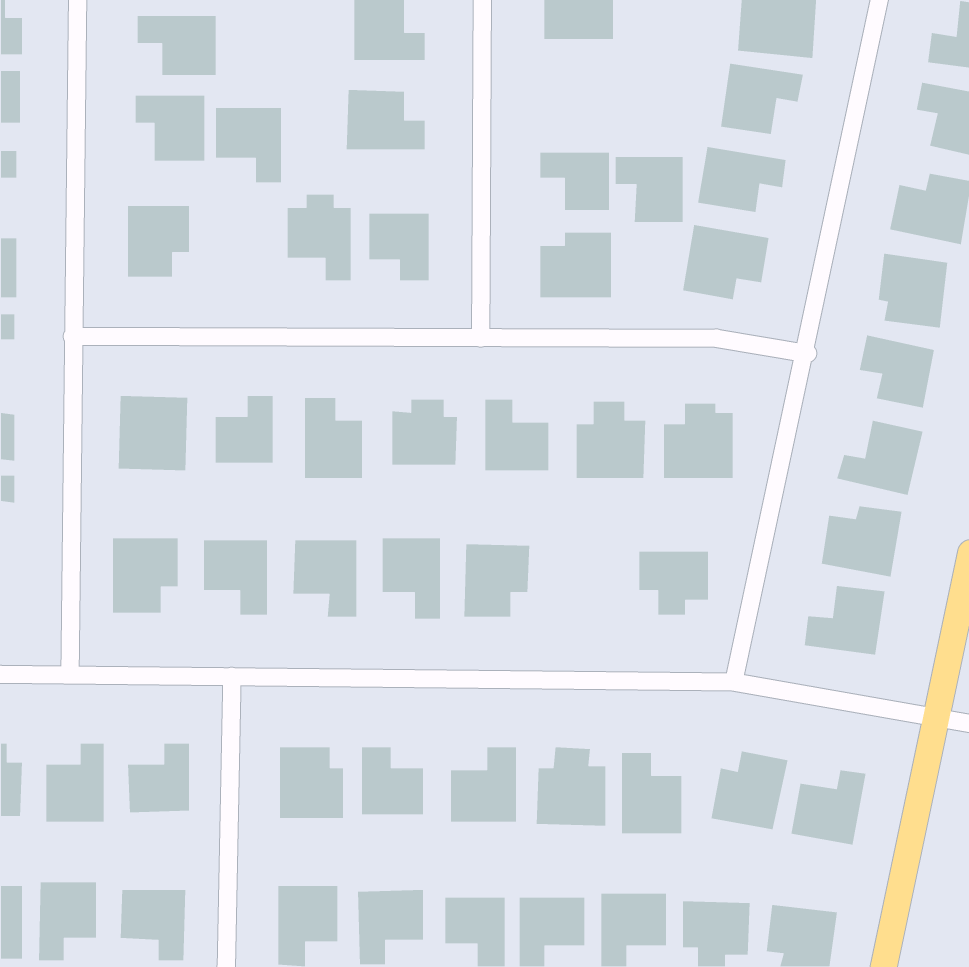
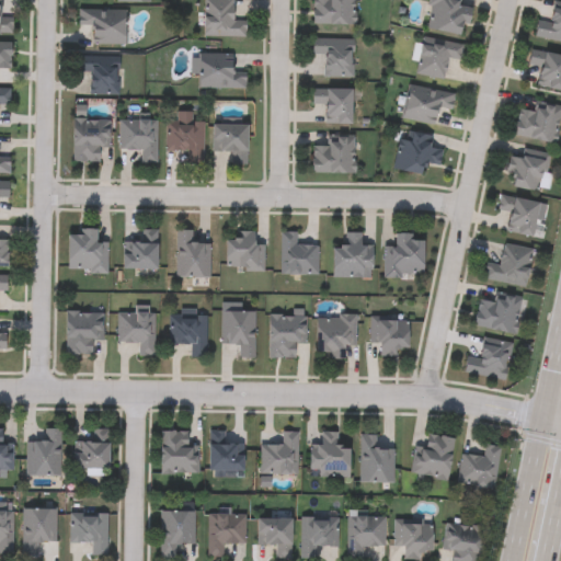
building: [215,107,282,183] -> [119,118,158,162]
building: [615,156,683,223] -> [313,37,353,76]
building: none -> [318,314,357,356]

